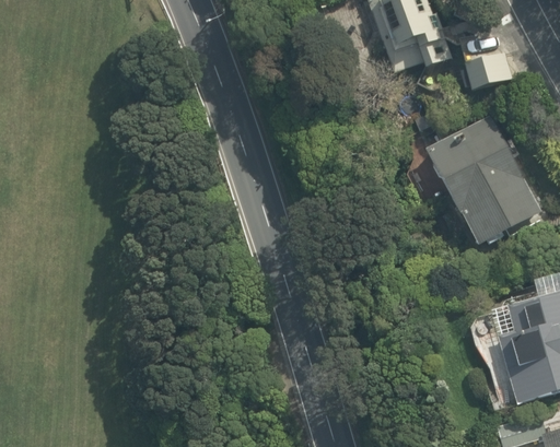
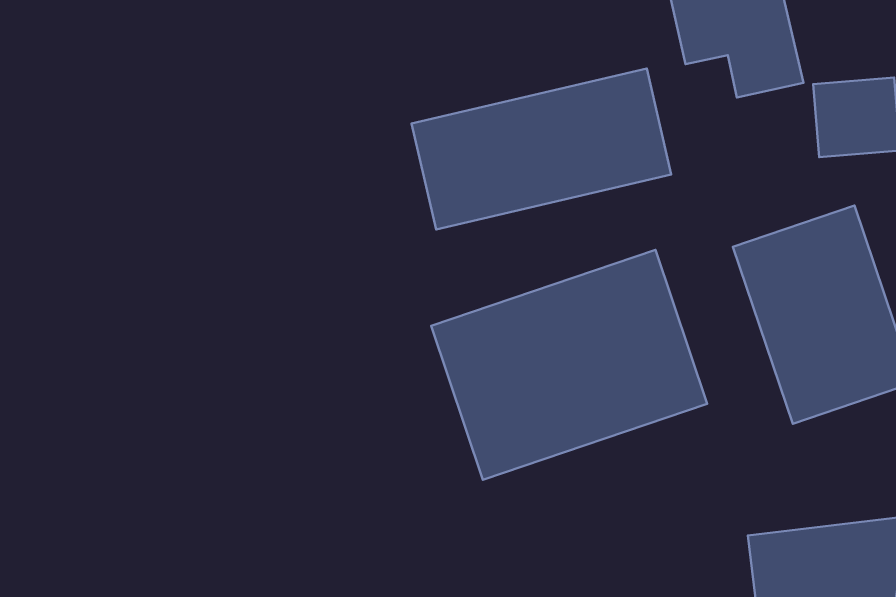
building: none -> [412,69,671,230]
building: none -> [431,250,707,480]

